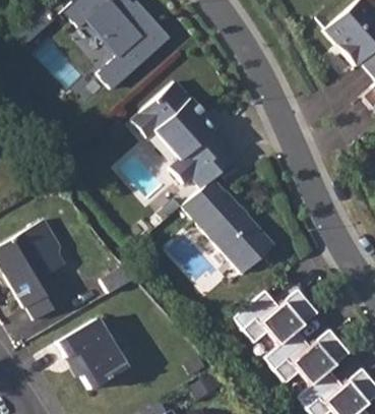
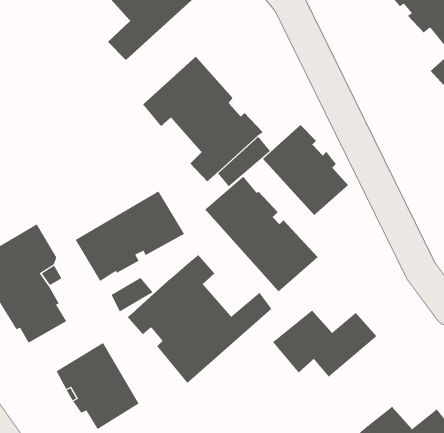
building: none -> [262,124,349,216]
building: none -> [75,190,185,282]
building: none -> [127,254,272,384]
building: [266,329,352,383] -> none

